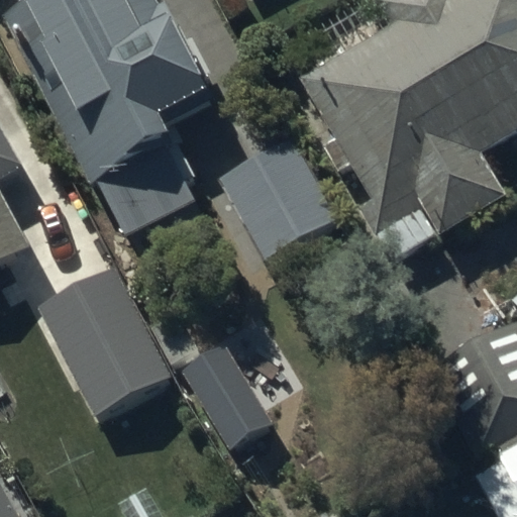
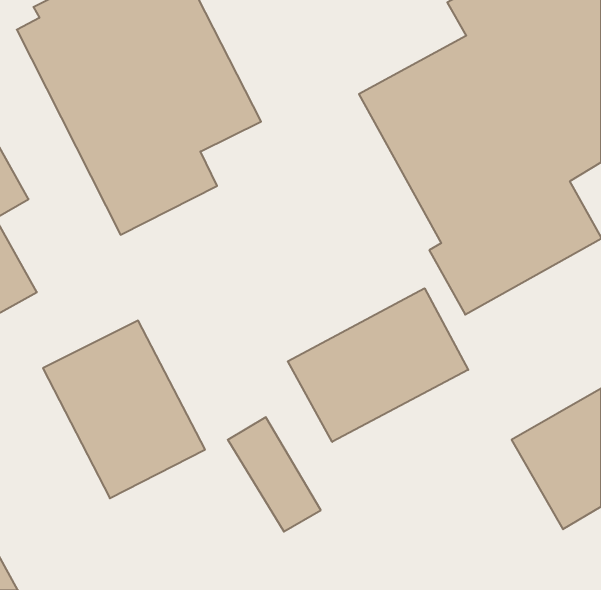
building: [215,141,322,250] -> none
building: none -> [288,288,468,442]

